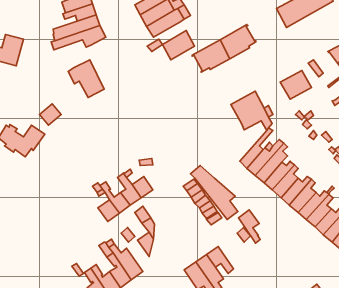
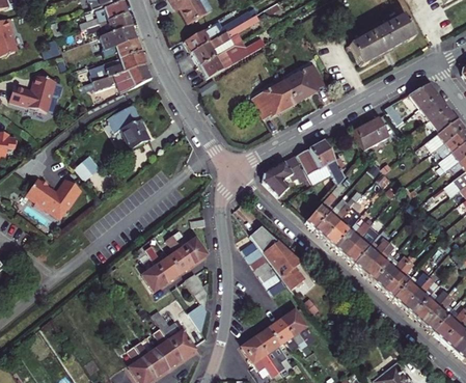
building: [163,31,195,60] -> none
building: none -> [263,156,308,196]
building: [239,210,260,243] -> [281,310,306,349]

